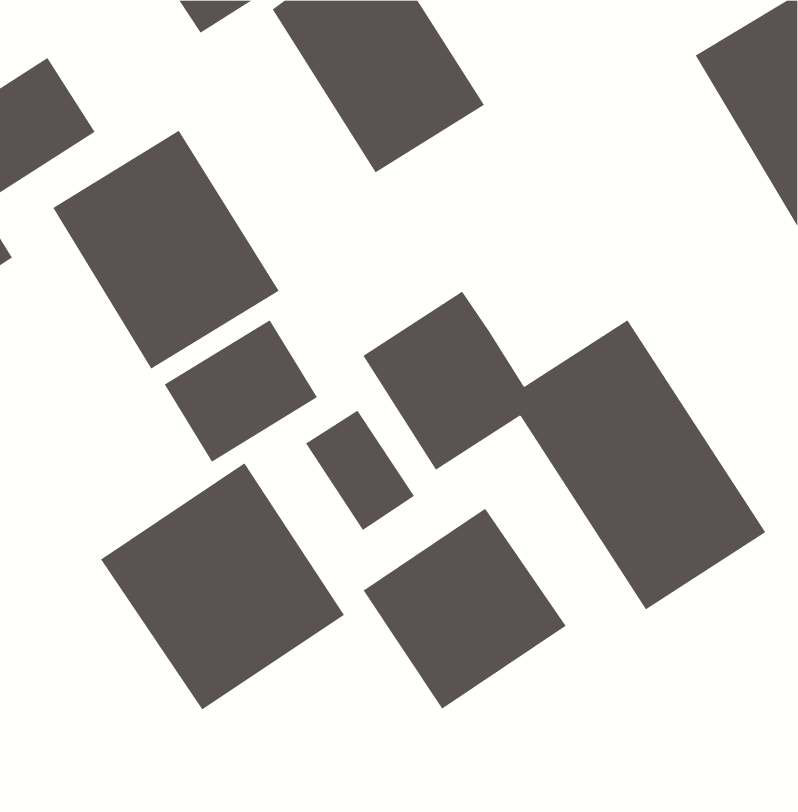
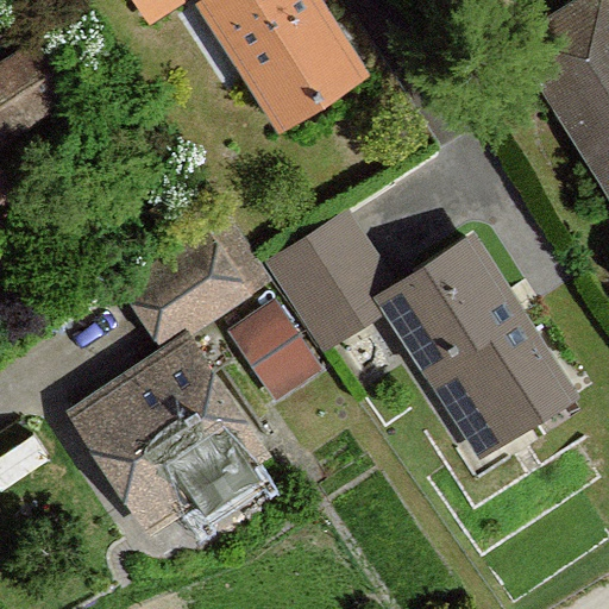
building: [53,130,279,369] -> none
building: [363,508,566,709] -> none

